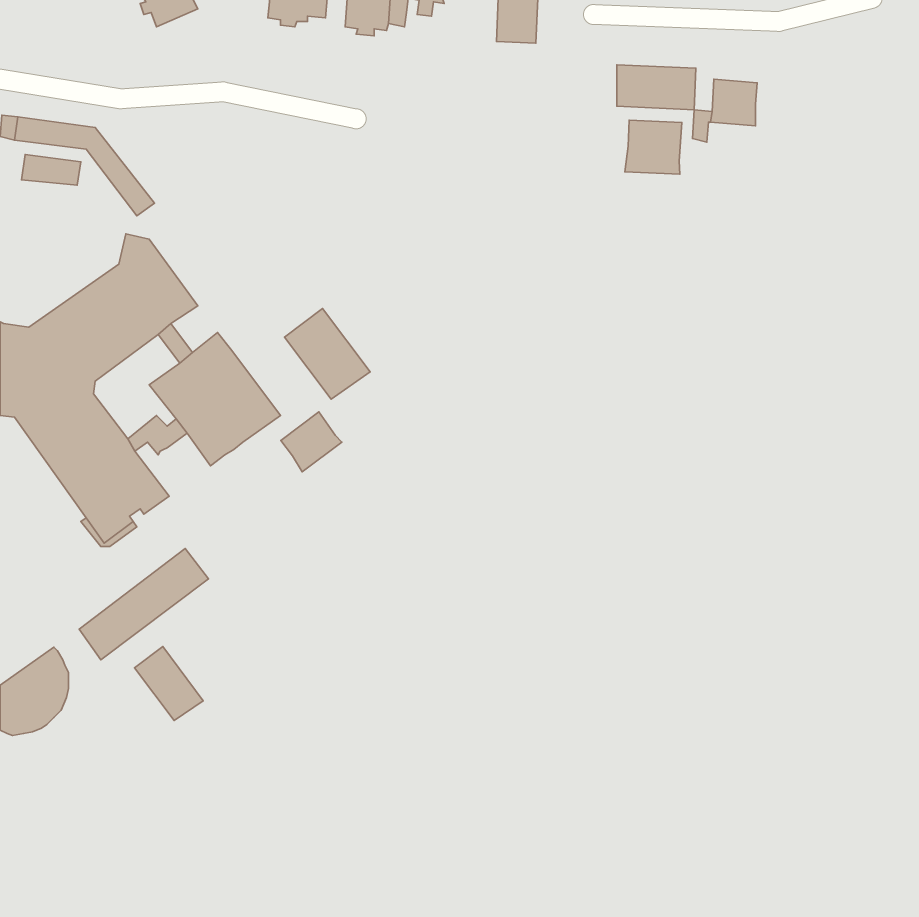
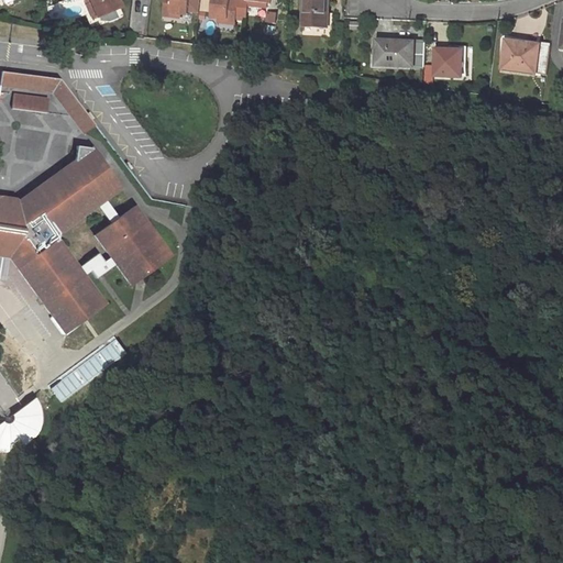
building: none -> [504,41,550,75]
building: [625,120,682,174] -> none
building: [284,309,370,399] -> none
building: [281,412,342,472] -> none
building: [135,647,203,720] -> none

